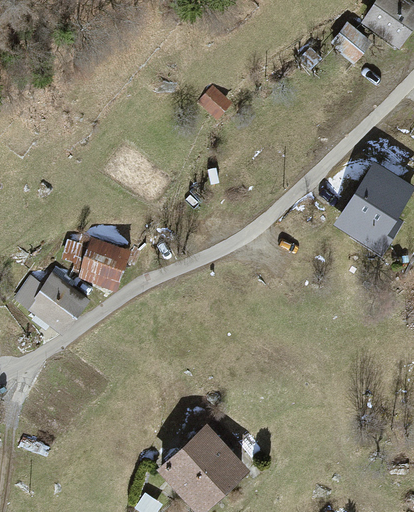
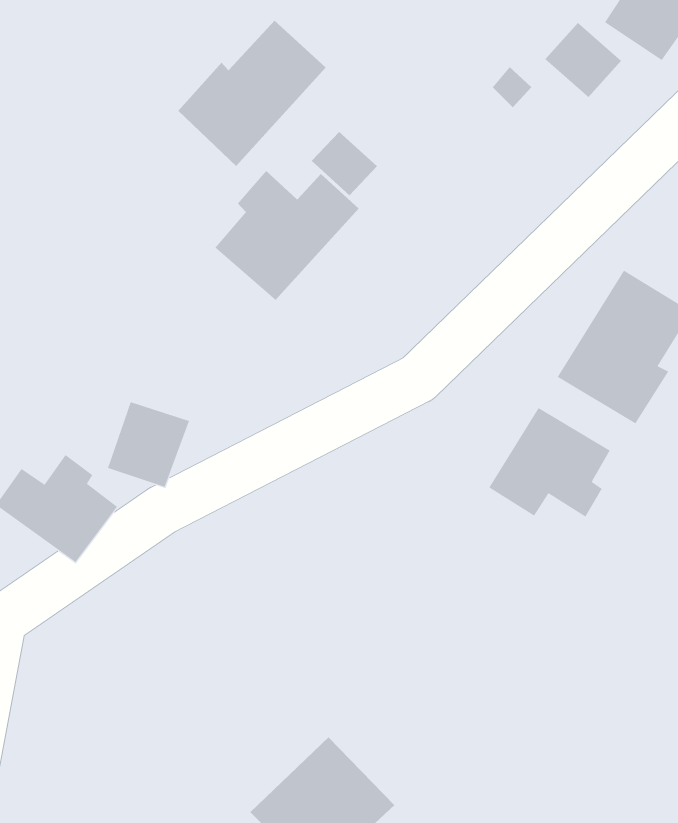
building: none -> [177,20,326,167]
building: none -> [214,170,359,301]
building: none -> [488,407,610,517]

